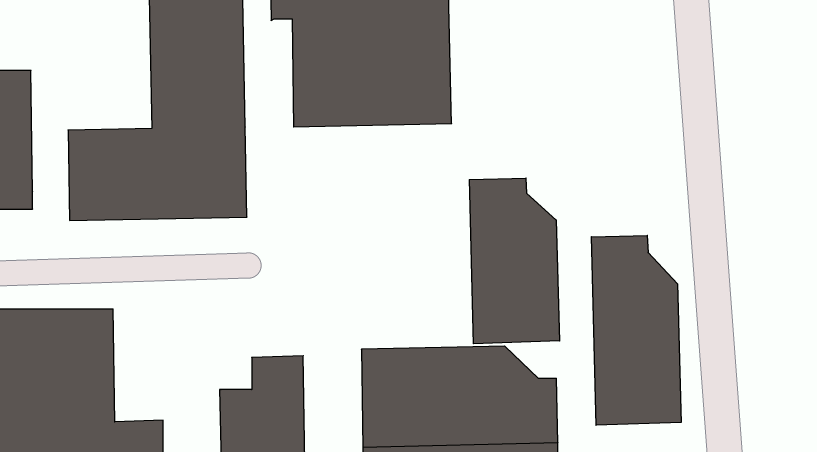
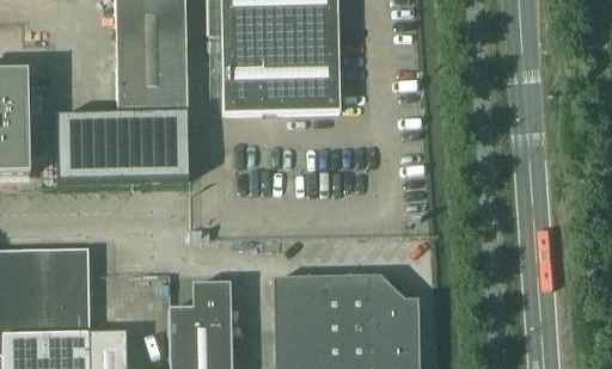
building: [469,178,560,344] -> none
building: [591,235,681,425] -> none

